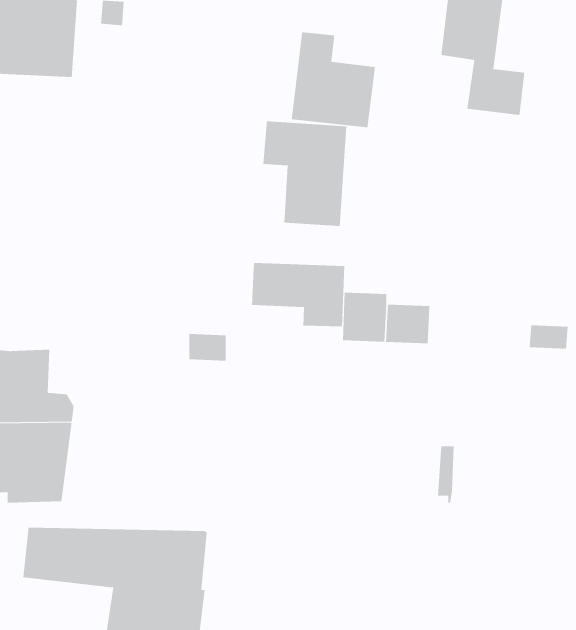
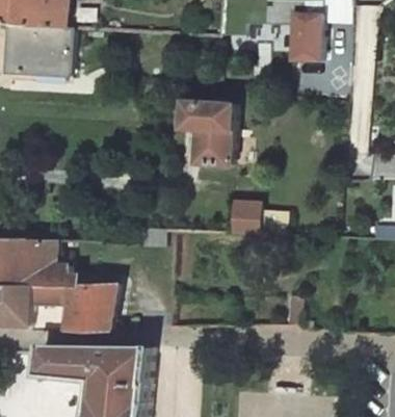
building: [291,32,375,128] -> none
building: [252,262,345,327] -> none
building: none -> [62,281,116,330]

